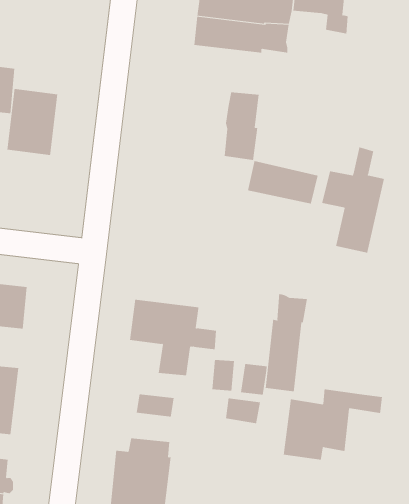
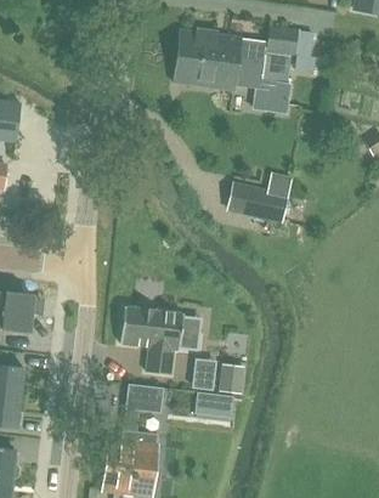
building: [7,88,58,156] -> none
building: [224,92,259,160] -> [259,51,290,112]
building: [322,146,384,253] -> none
building: [265,293,308,392] -> none
building: [283,389,383,460] -> none

